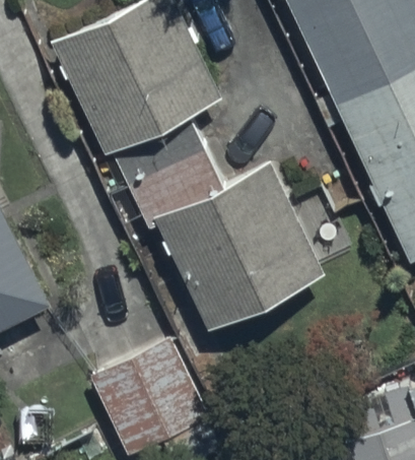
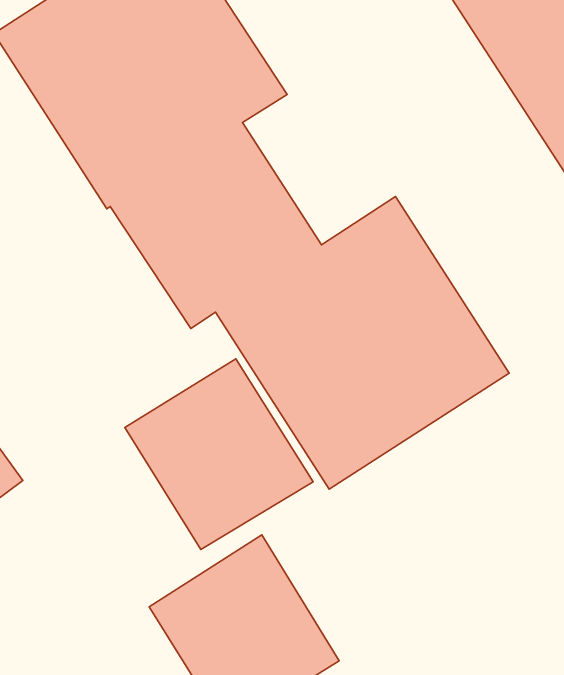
building: none -> [125,359,313,550]

